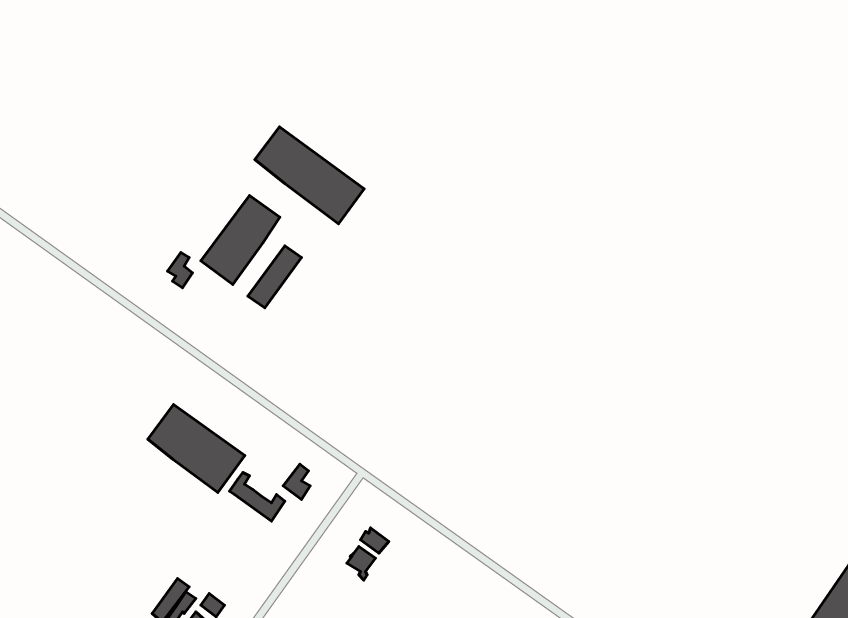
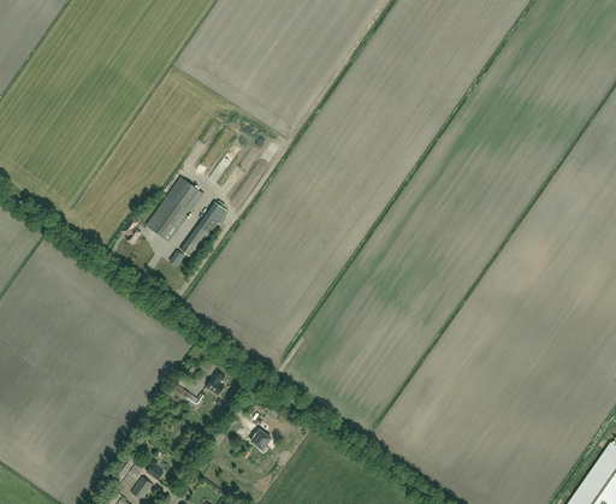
building: [255,127,364,224] -> none
building: [148,405,245,493] -> none

